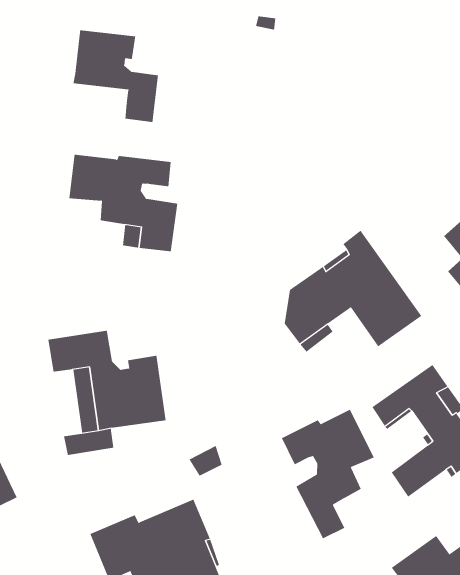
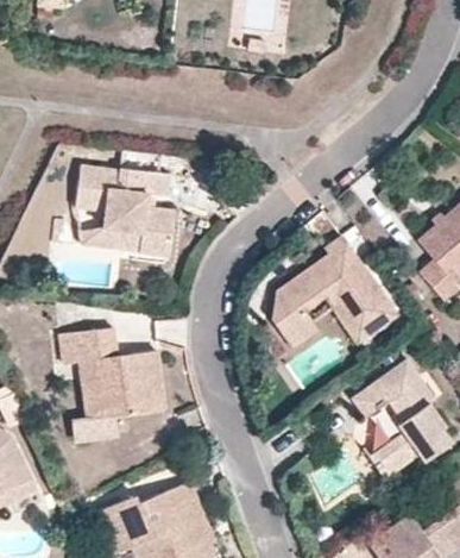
building: [73,30,159,123] -> none
building: [281,409,375,539] -> none

